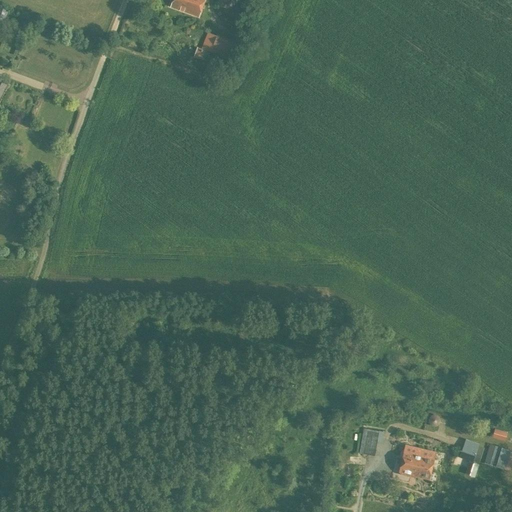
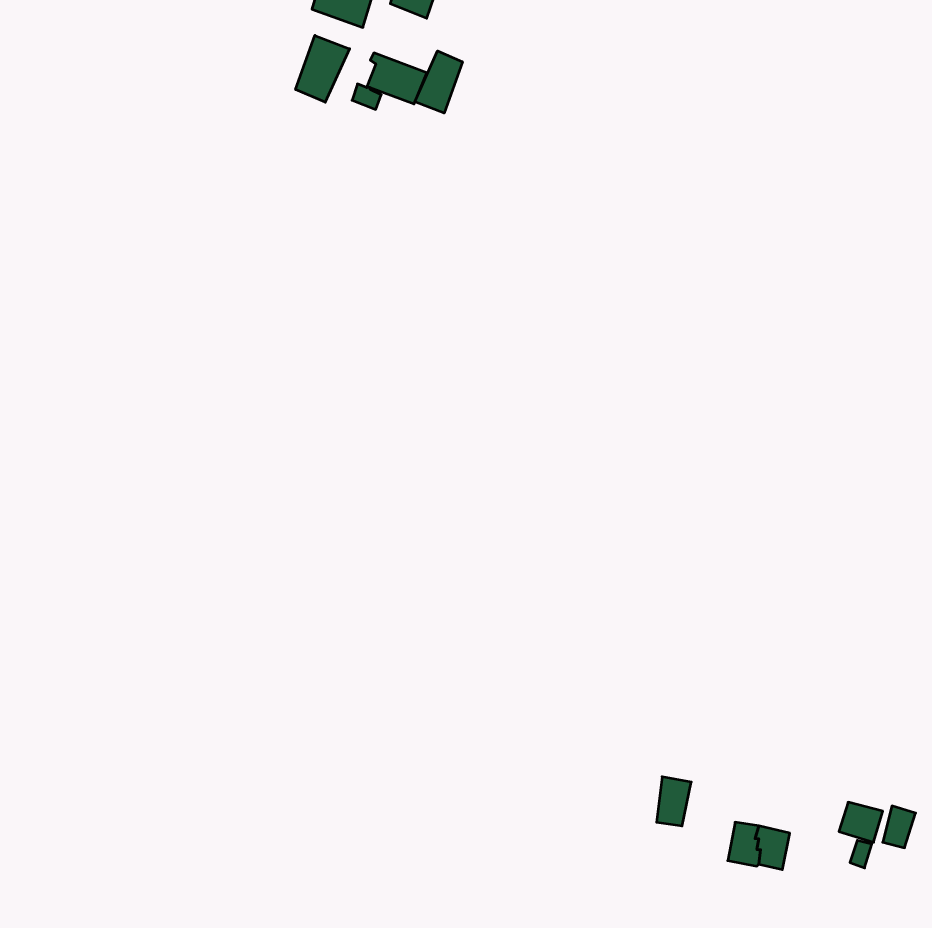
building: none -> [296,35,350,102]
building: none -> [415,51,462,113]

